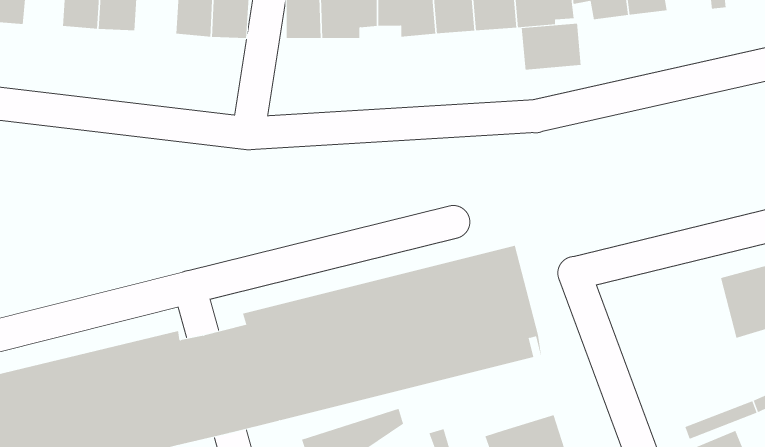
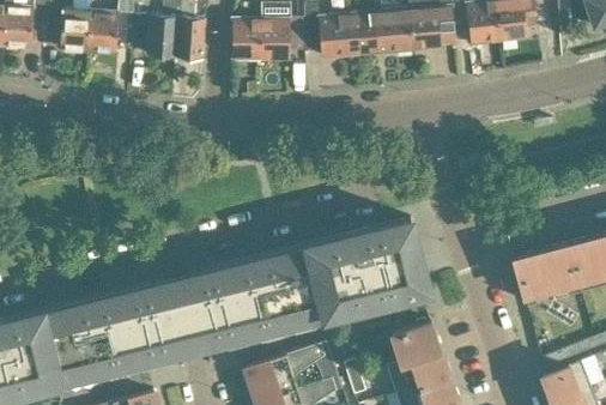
building: [521,23,581,70] -> none
building: none -> [514,242,580,302]
building: none -> [392,319,440,359]

